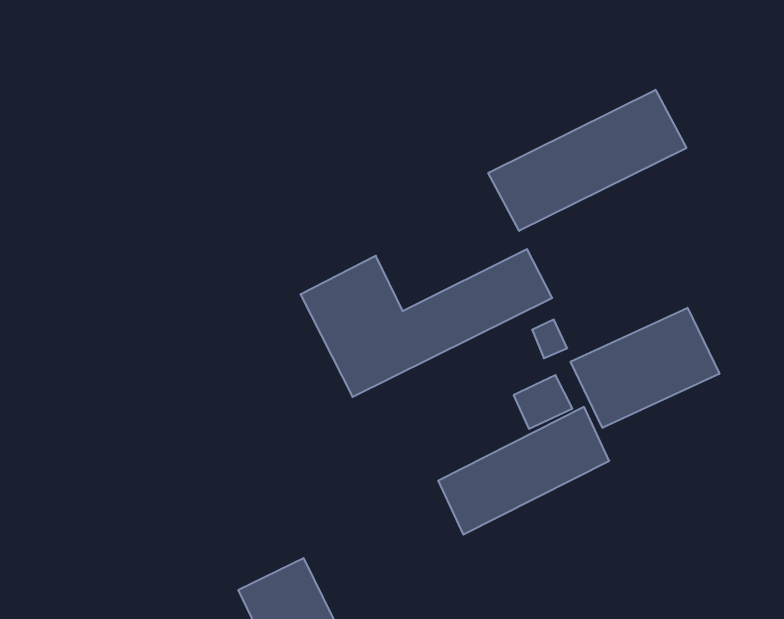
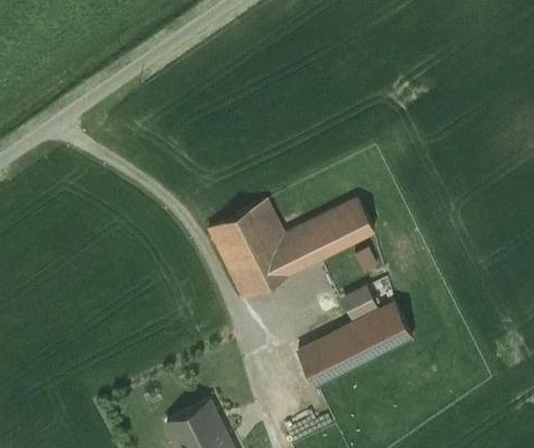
building: [488,90,686,231] -> none
building: [571,308,719,428] -> none

